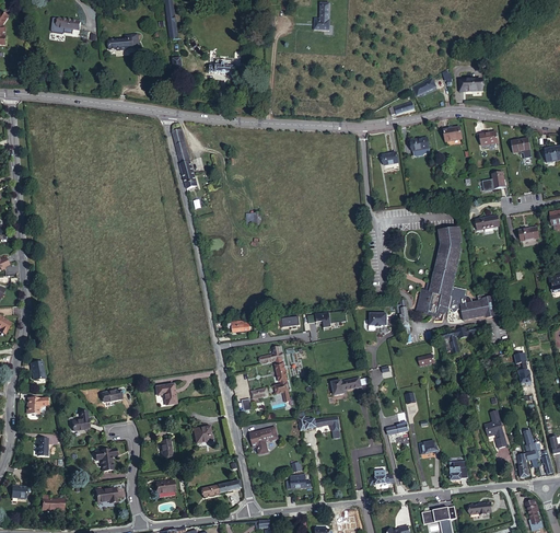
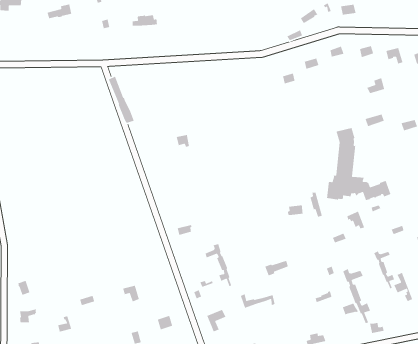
building: none -> [373,250,395,289]
building: none -> [342,268,371,324]

